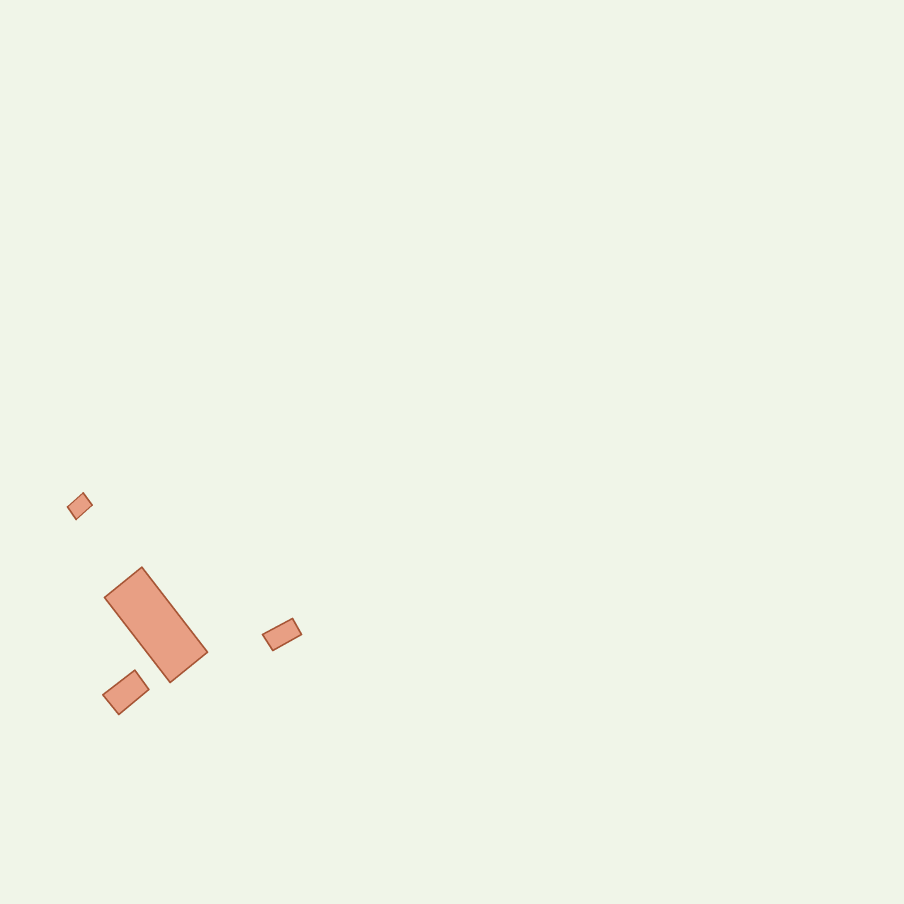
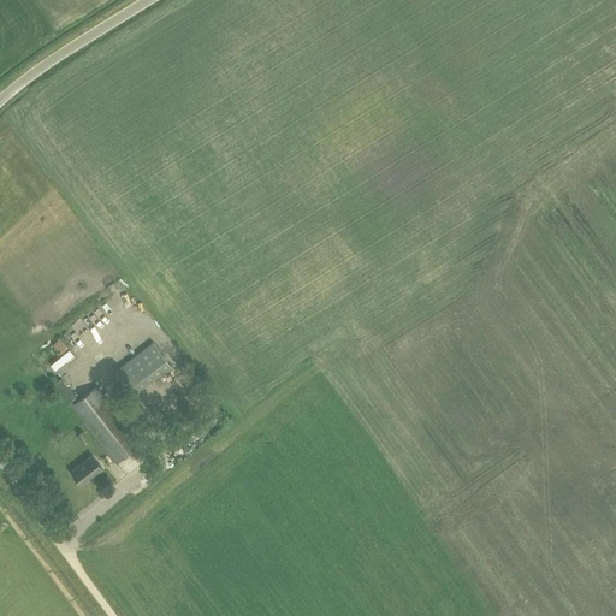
building: none -> [113,343,170,396]

